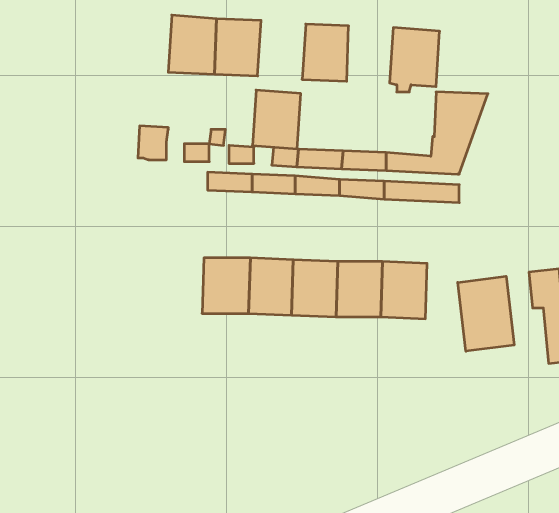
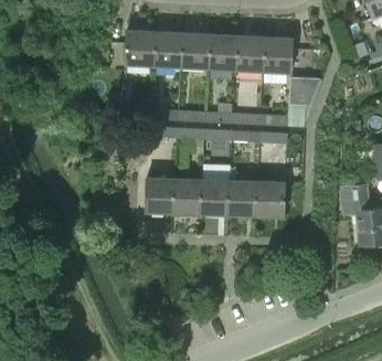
building: none -> [234,35,263,71]
building: [252,90,301,149] -> [179,32,209,68]
building: [458,276,514,351] -> none

